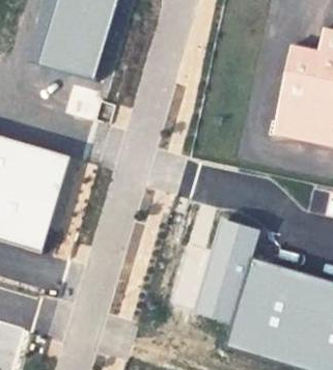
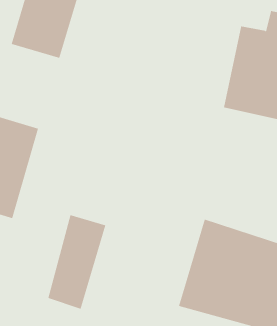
building: [194,217,257,319] -> [48,215,106,310]

